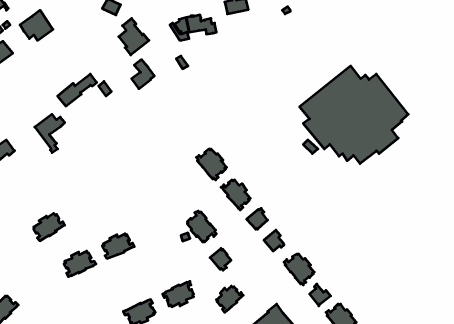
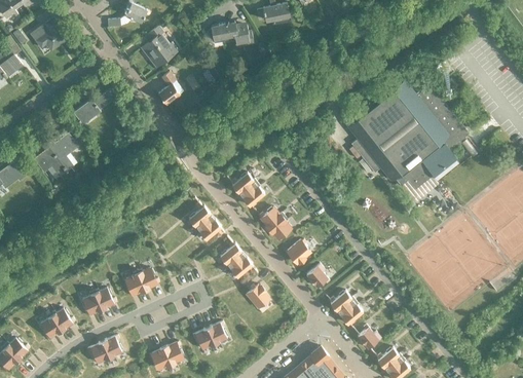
building: none -> [34,148,68,181]
building: none -> [188,202,224,240]
building: [34,213,65,241] -> [40,308,75,339]
building: [216,286,243,312] -> none
building: none -> [87,335,122,364]

